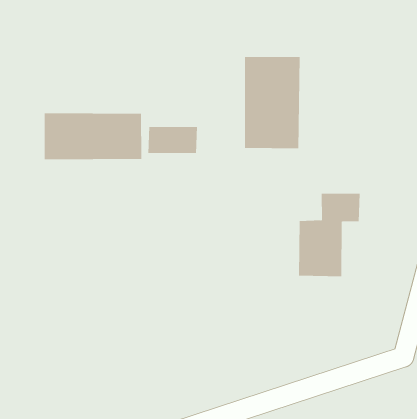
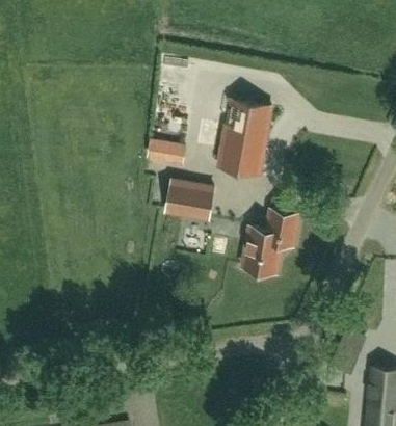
building: [44,113,142,160] -> none
building: none -> [165,182,214,220]

